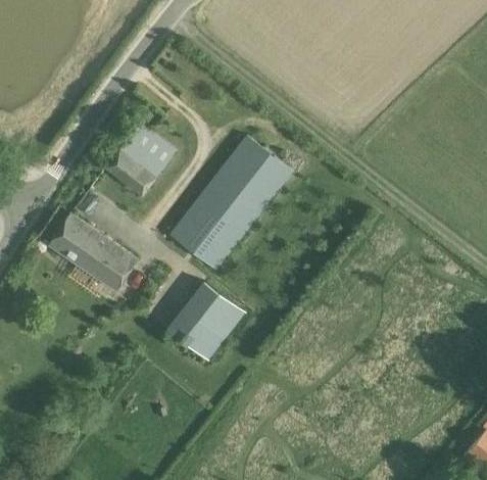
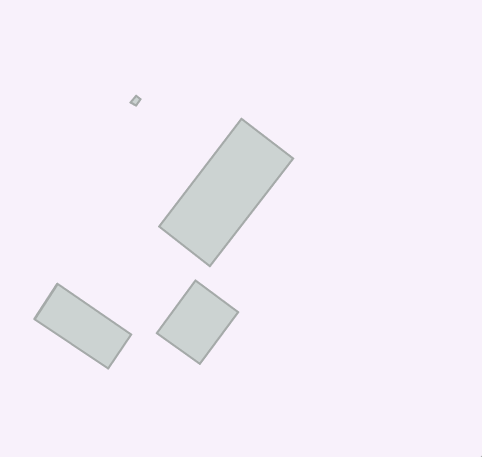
building: [105,122,177,194] -> none
building: [48,211,138,290] -> [34,284,131,369]

